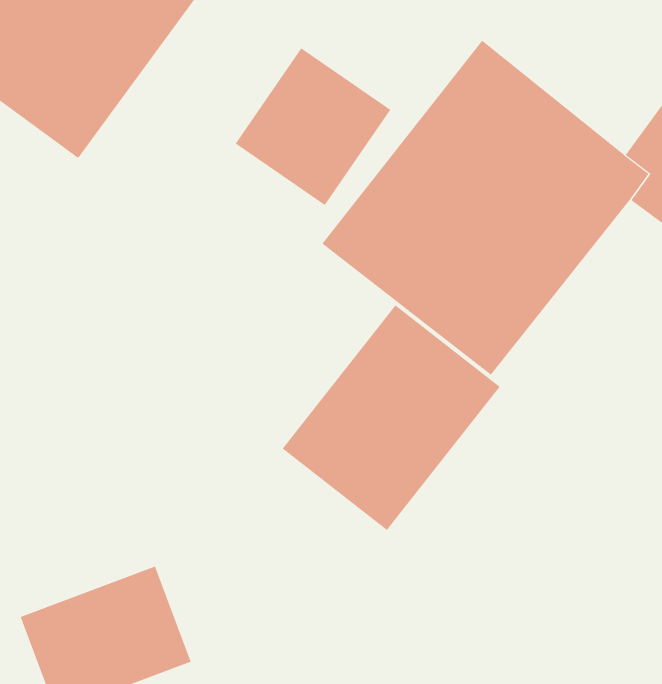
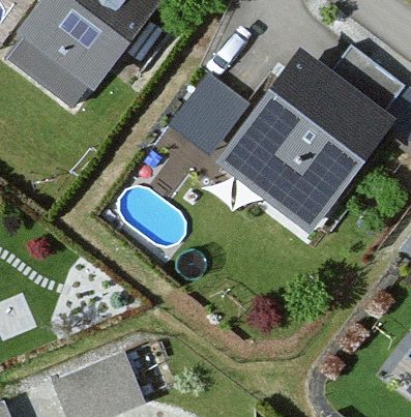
building: [282,304,500,531] -> none

